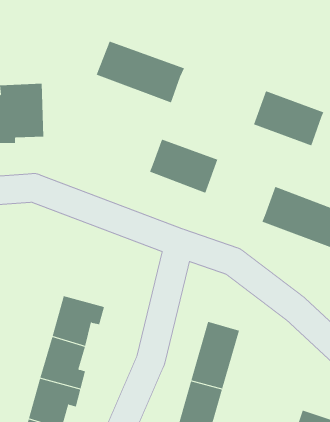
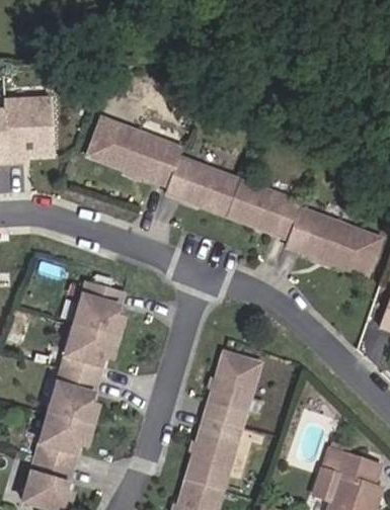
building: [96,41,185,103] -> [86,117,181,184]
building: [253,90,324,146] -> [225,178,301,238]
building: none -> [72,282,122,336]

